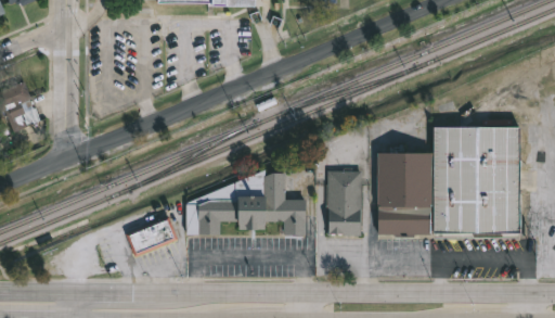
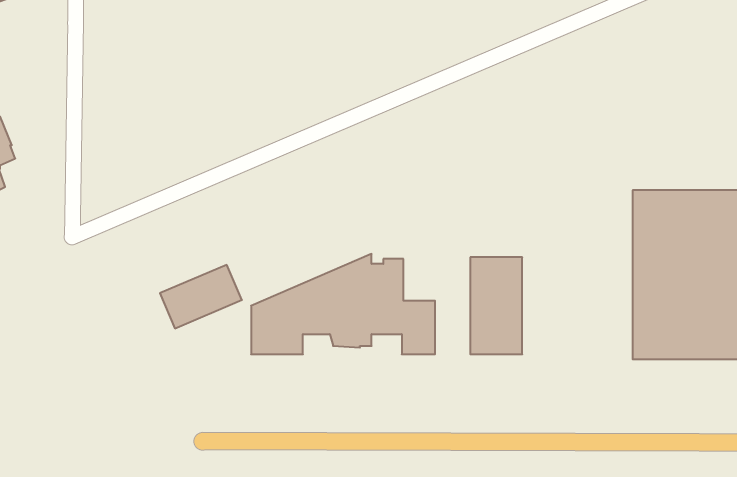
building: [378,154,430,238] -> none
building: [126,217,179,258] -> [160,265,242,328]

